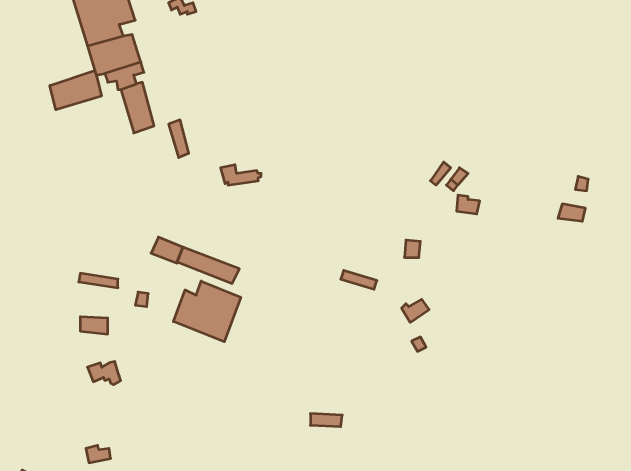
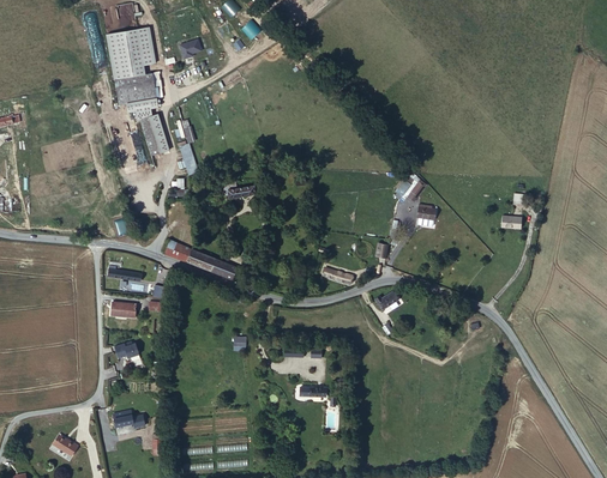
building: [50,70,101,110] -> none
building: [173,281,241,342] -> none

